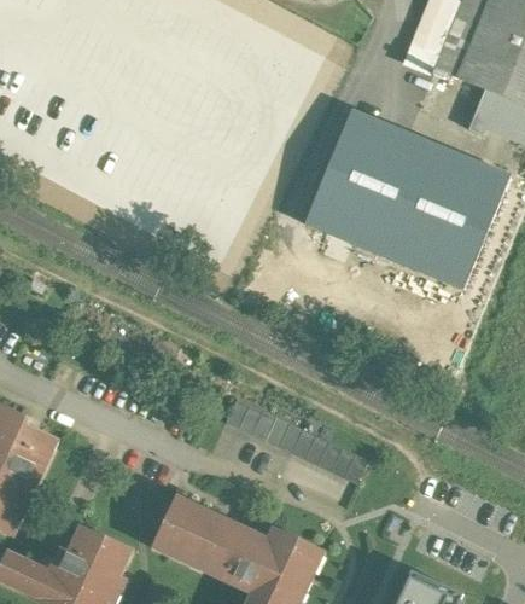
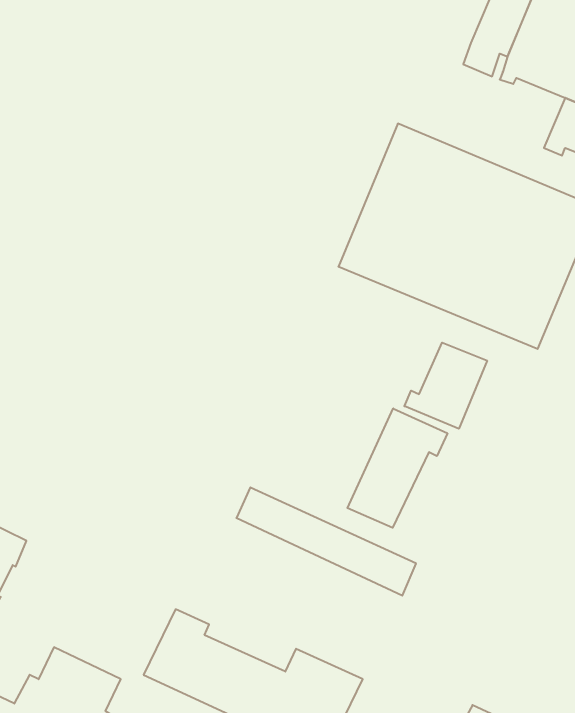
building: none -> [404,343,487,429]
building: none -> [347,408,447,528]

